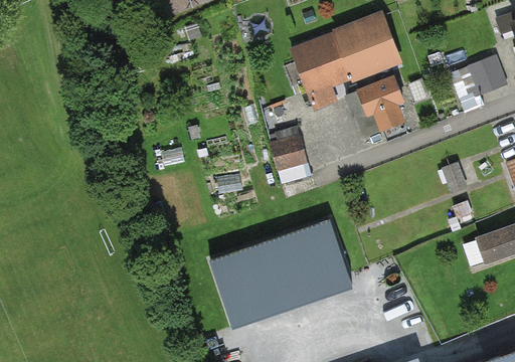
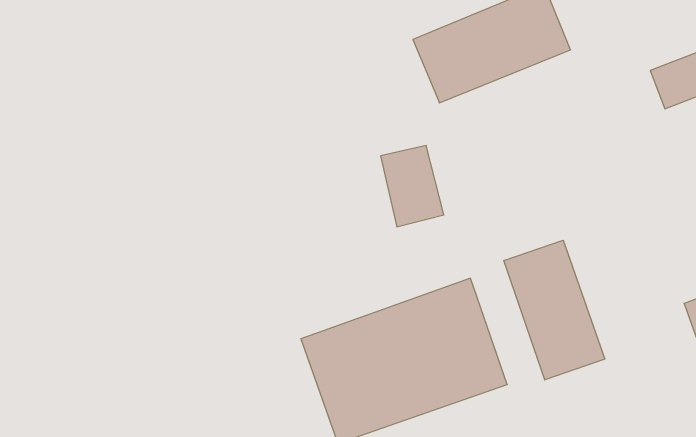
building: [354,76,404,131] -> none
building: none -> [504,240,605,380]

